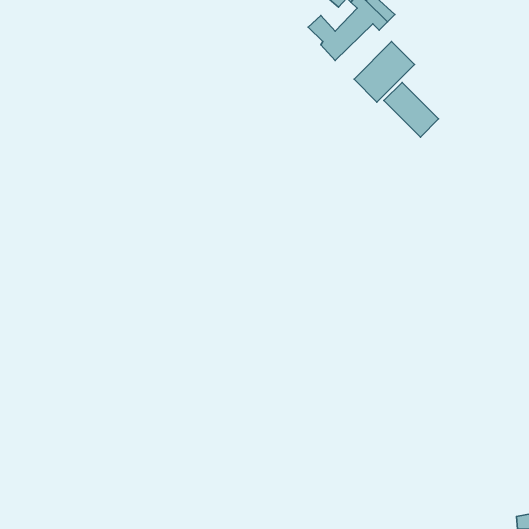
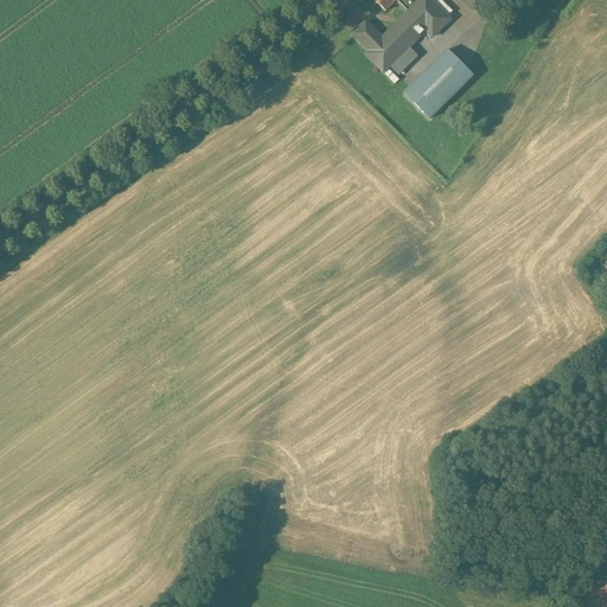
building: [384,82,439,137] -> none

